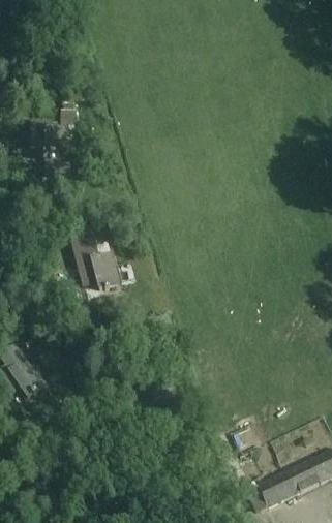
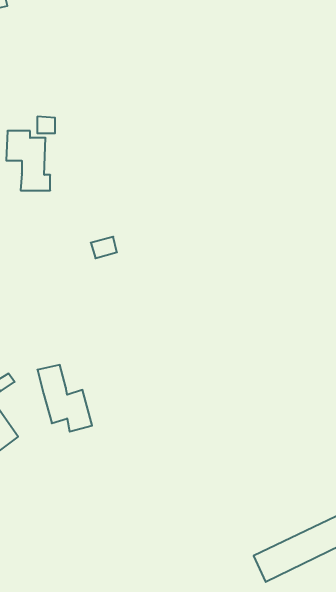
building: [72,230,120,288] -> [37,365,92,432]

